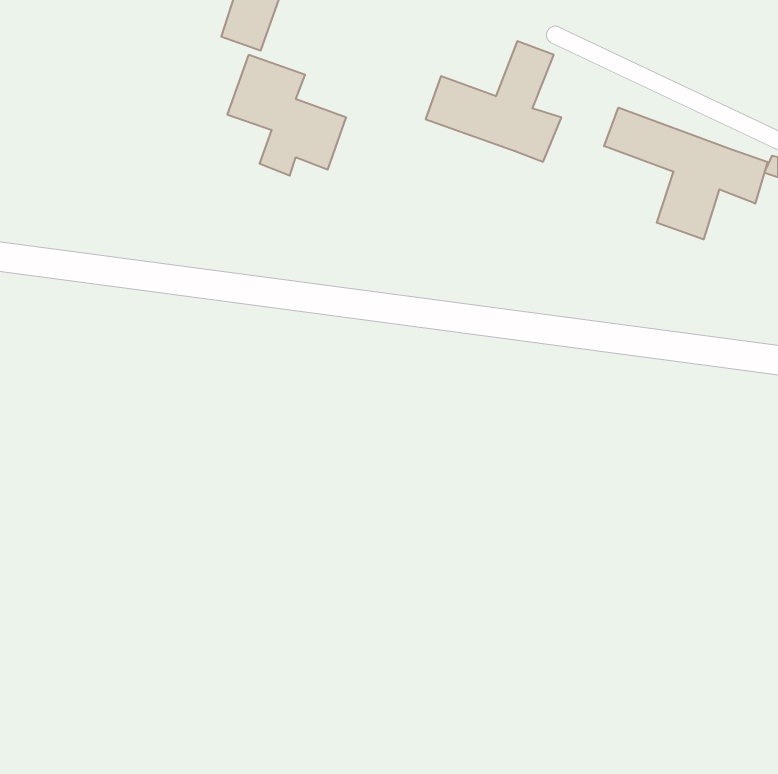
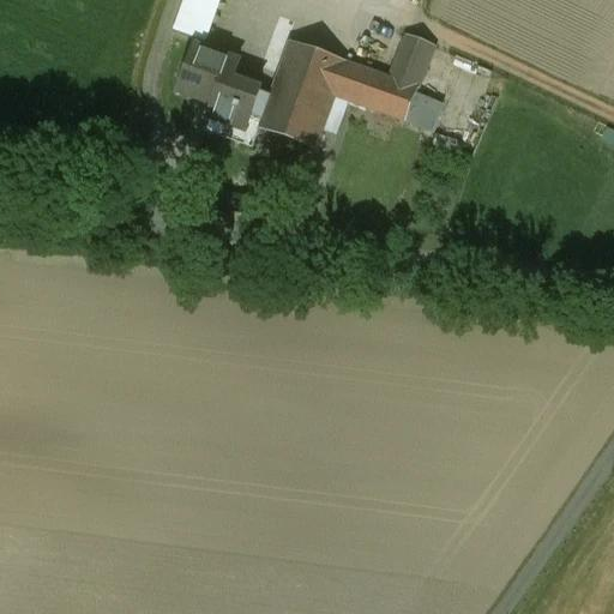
building: none -> [260,40,347,146]
building: [604,108,767,239] -> none

